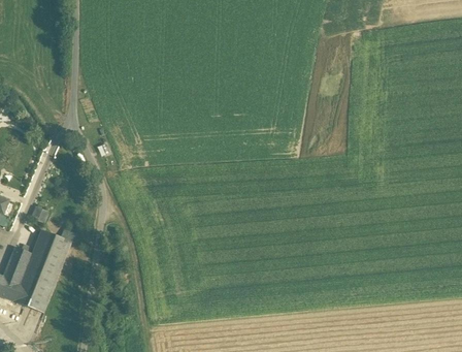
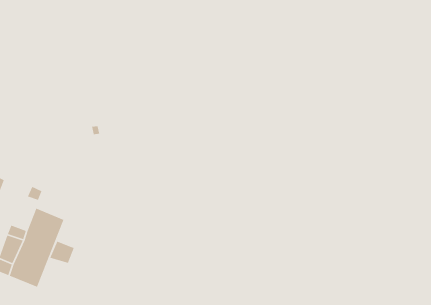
building: none -> [49,240,75,264]

